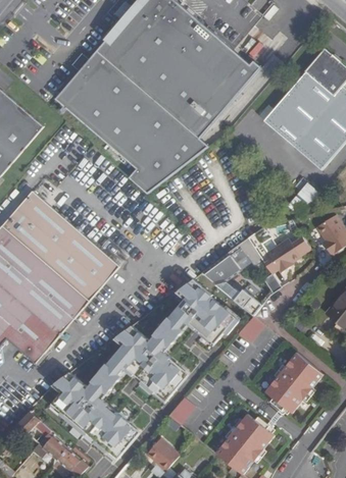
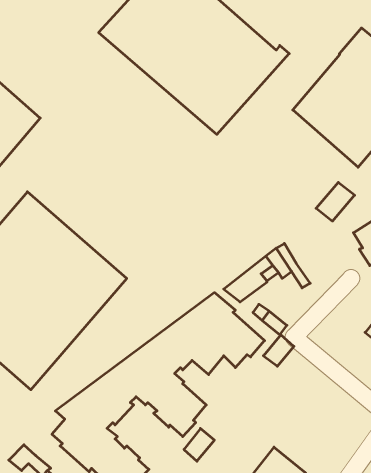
building: [53,52,207,194] -> none
building: [266,237,310,273] -> none
building: [264,352,323,413] -> none

